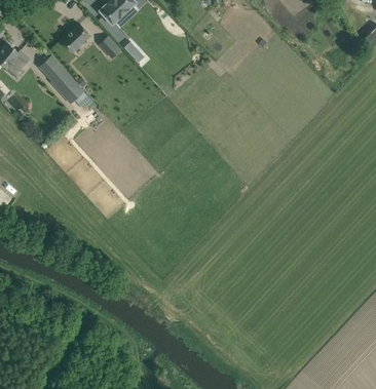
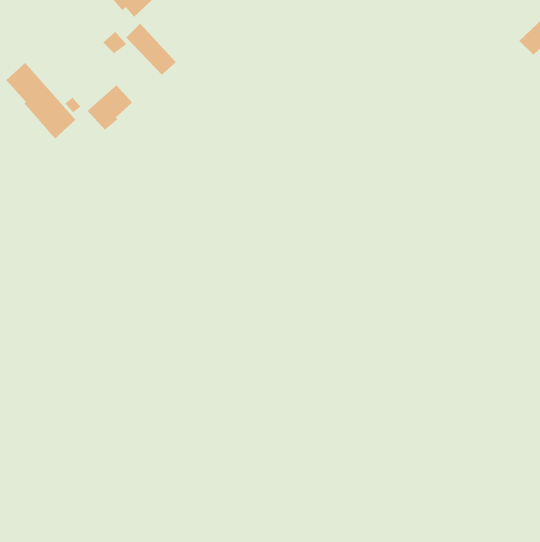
building: [61,25,89,53] -> [87,84,133,131]

